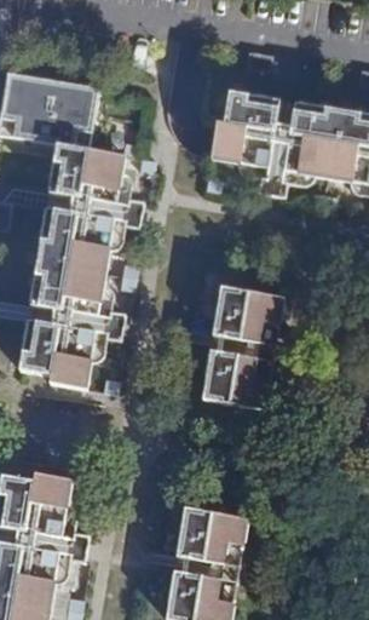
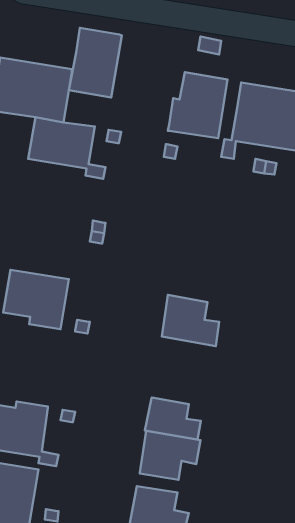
building: none -> [69,28,122,98]
building: [29,207,119,327] -> none
building: [213,286,283,341] -> none
building: none -> [145,397,201,440]

